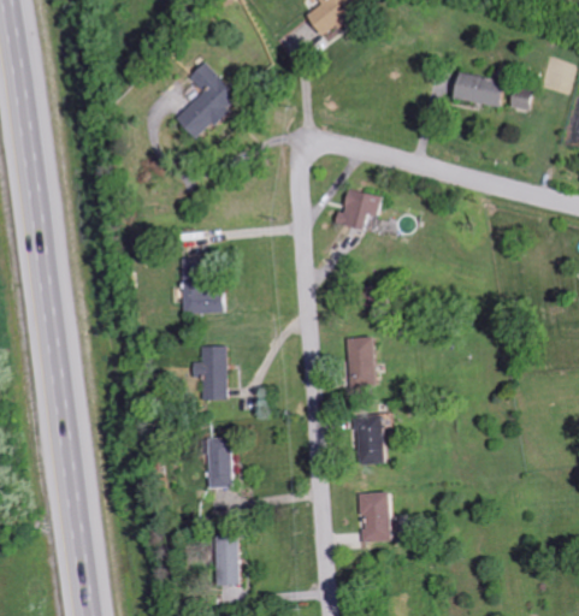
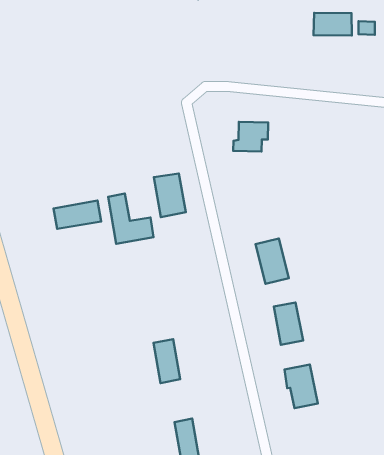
building: [172,63,234,140] -> none
building: none -> [154,174,186,217]
building: none -> [54,200,101,229]
building: [189,346,226,401] -> none

